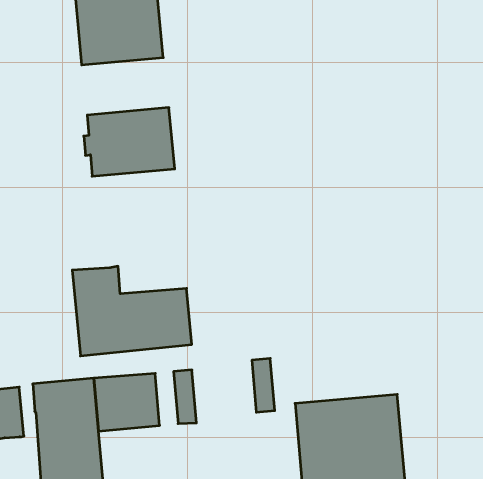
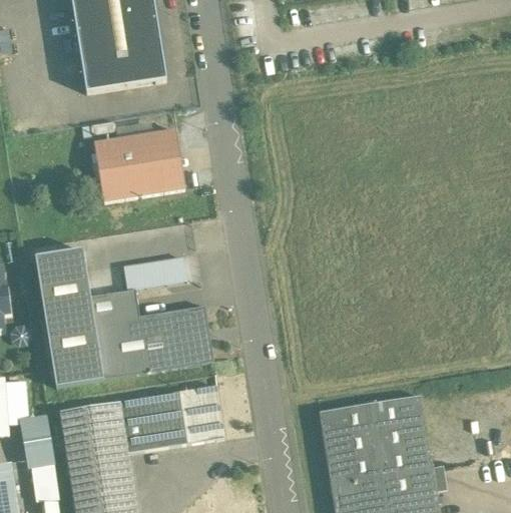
building: none -> [36,249,104,387]
building: none -> [123,256,186,291]
building: [252,358,275,412] -> [179,389,205,443]
building: none -> [35,464,56,499]

